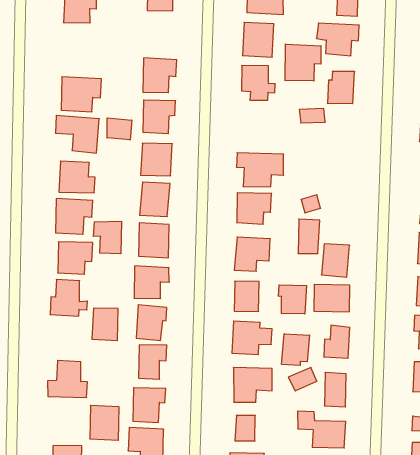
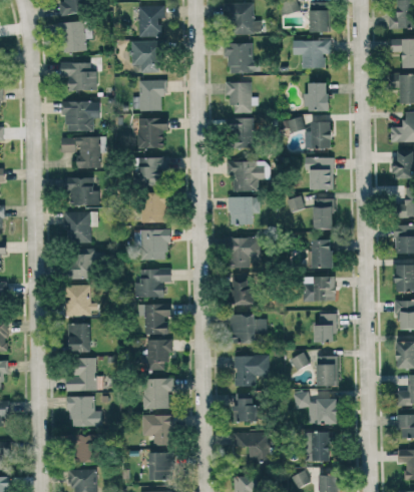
building: none -> [131,41,163,73]
building: none -> [59,62,97,90]
building: [285,44,321,81] -> none
building: none -> [230,117,255,148]
building: none -> [305,121,332,149]
building: [107,118,132,140] -> none
building: none -> [305,157,334,189]
building: [298,219,320,253] -> [314,198,333,229]
building: [94,221,121,254] -> none
building: [279,285,307,314] -> none
building: [92,308,118,341] -> [68,323,91,352]
building: [282,334,310,365] -> none
building: [90,405,119,440] -> [68,396,95,426]

